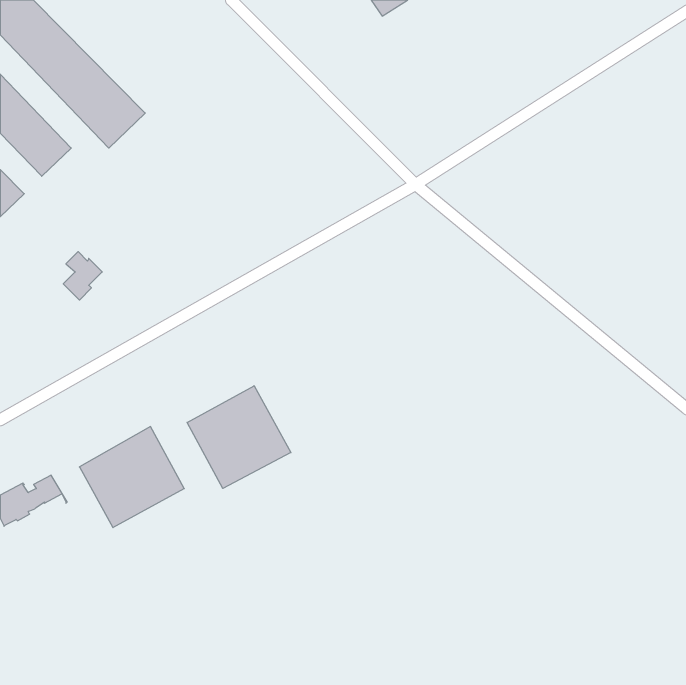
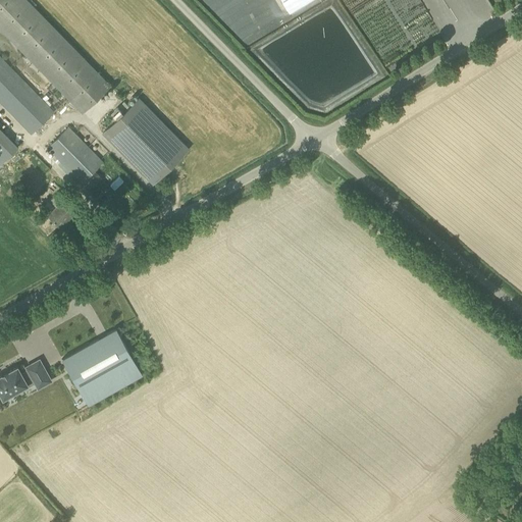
building: none -> [104,100,190,186]
building: none -> [47,128,103,185]
building: [187,386,291,488] -> none

